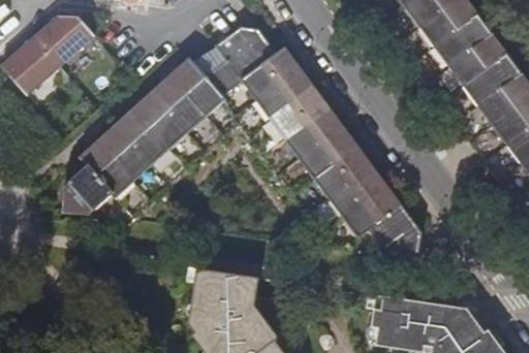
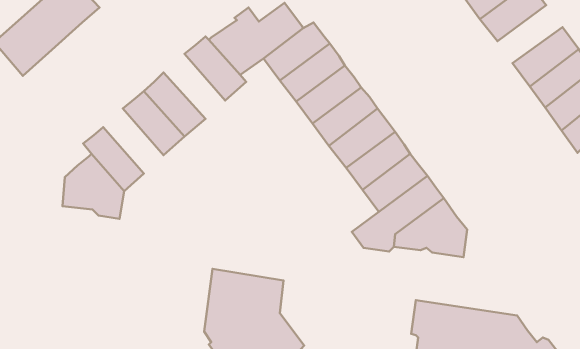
building: [448,32,506,84] -> none
building: [152,75,207,133] -> none
building: [98,124,152,182] -> none

